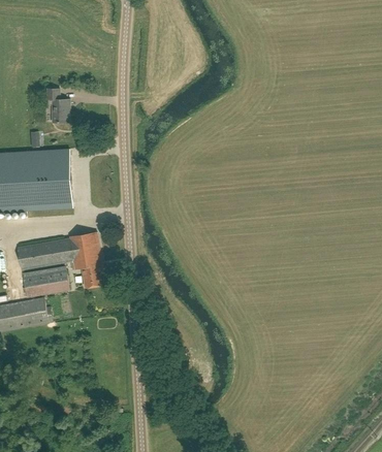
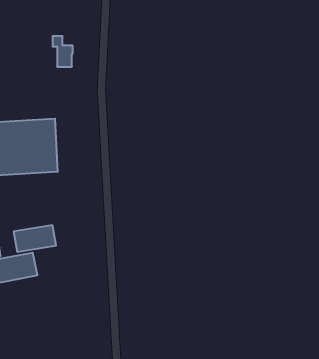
building: [45,89,68,123] -> [52,36,73,67]
building: [17,234,102,287] -> none

